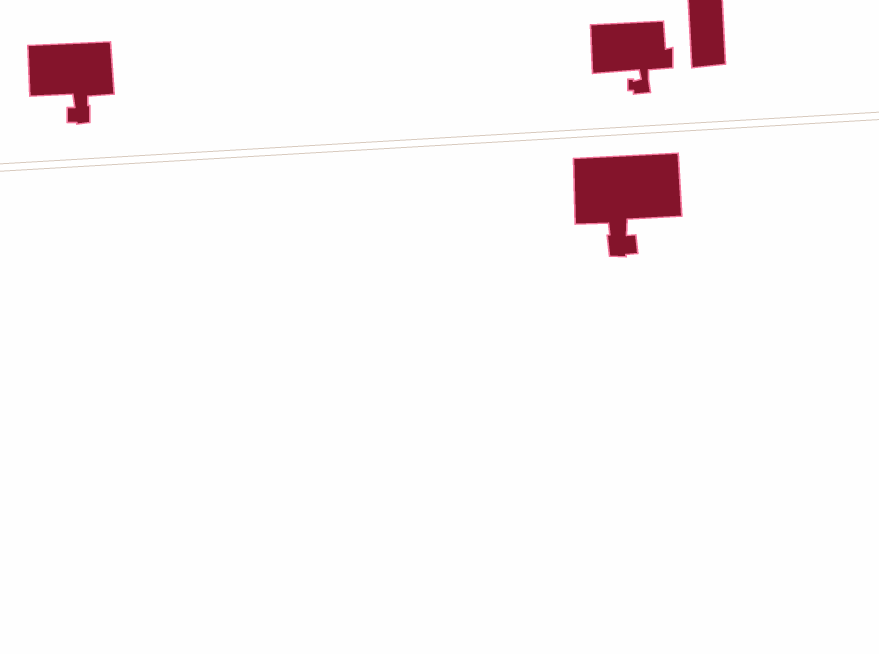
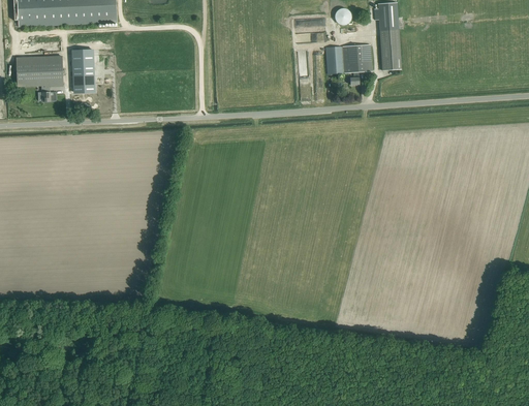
building: none -> [72,55,95,97]
building: [574,153,682,257] -> none

